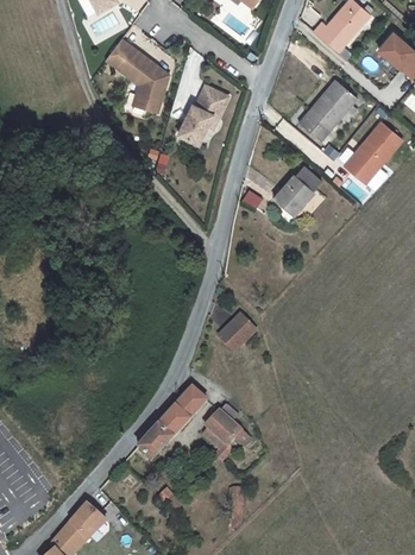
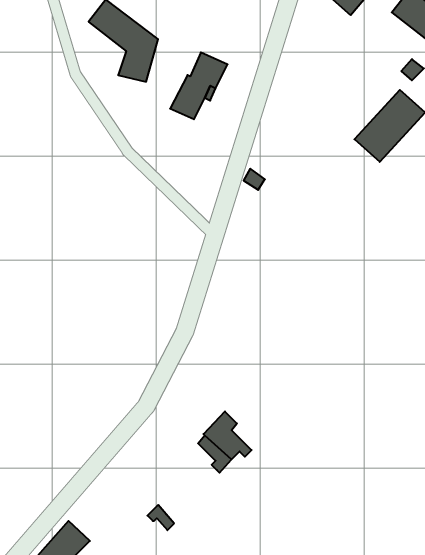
building: [300,80,357,141] -> none
building: [273,169,317,215] -> none
building: [219,315,257,352] -> none
building: [139,387,206,459] -> none

